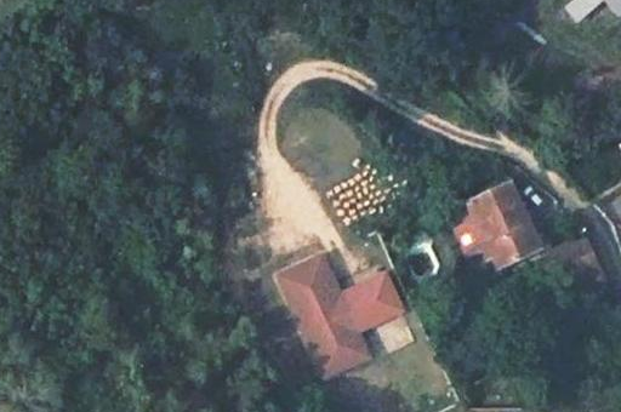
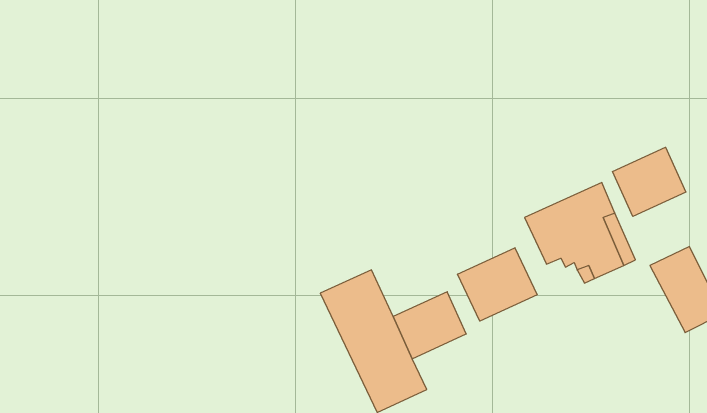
building: none -> [613,147,686,216]
building: none -> [458,248,537,321]

